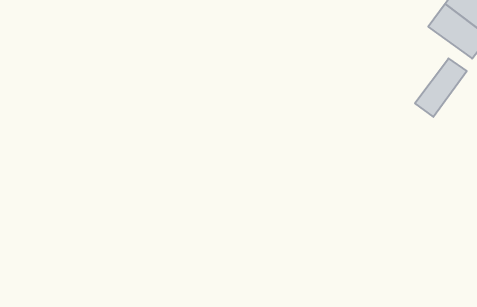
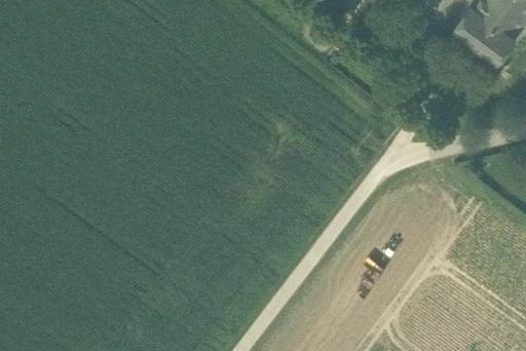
building: [415,58,467,117] -> none

